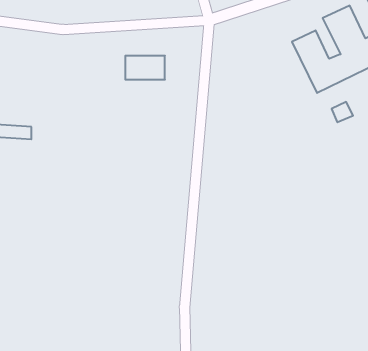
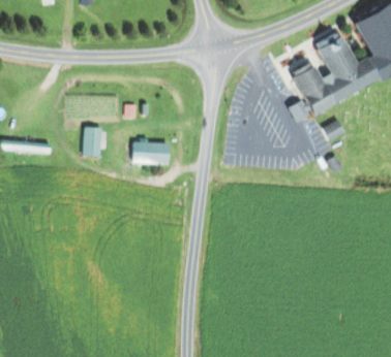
building: [125,56,165,80] -> [132,141,169,163]
building: none -> [84,127,100,156]

